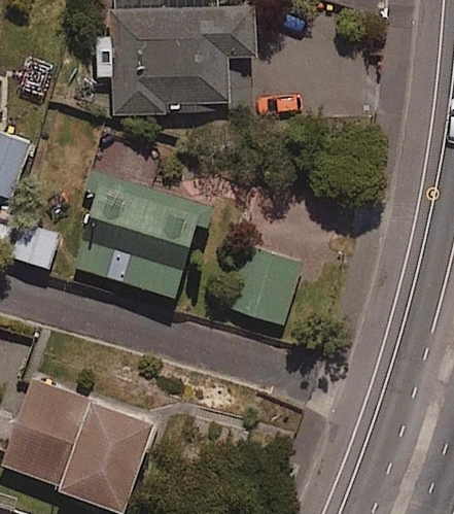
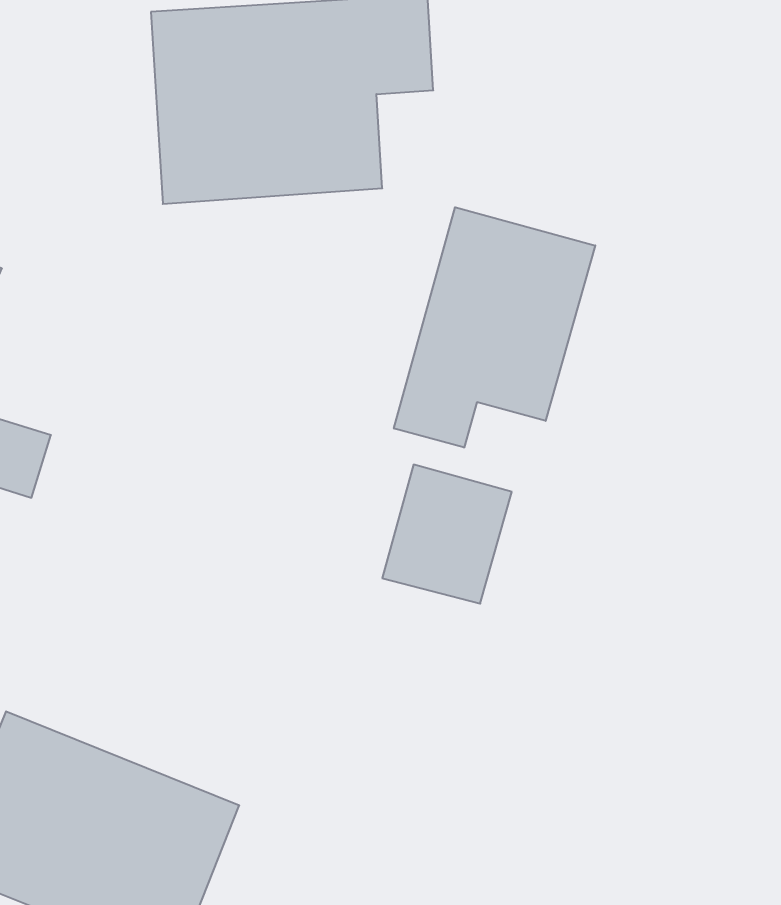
building: none -> [394,207,595,448]
building: [72,141,202,296] -> none

